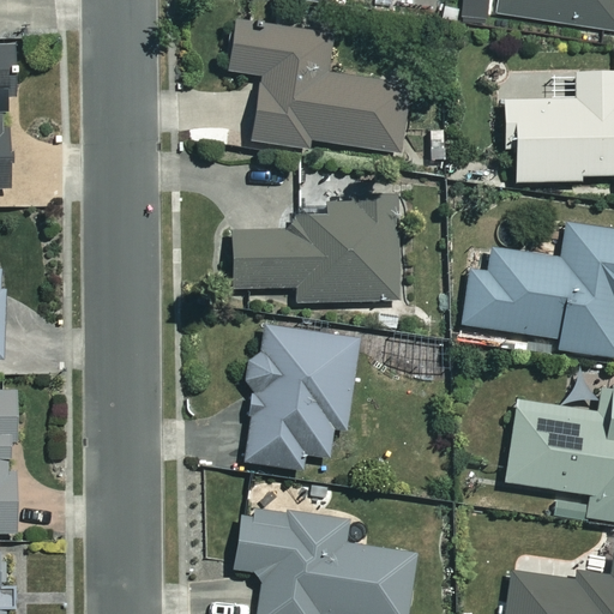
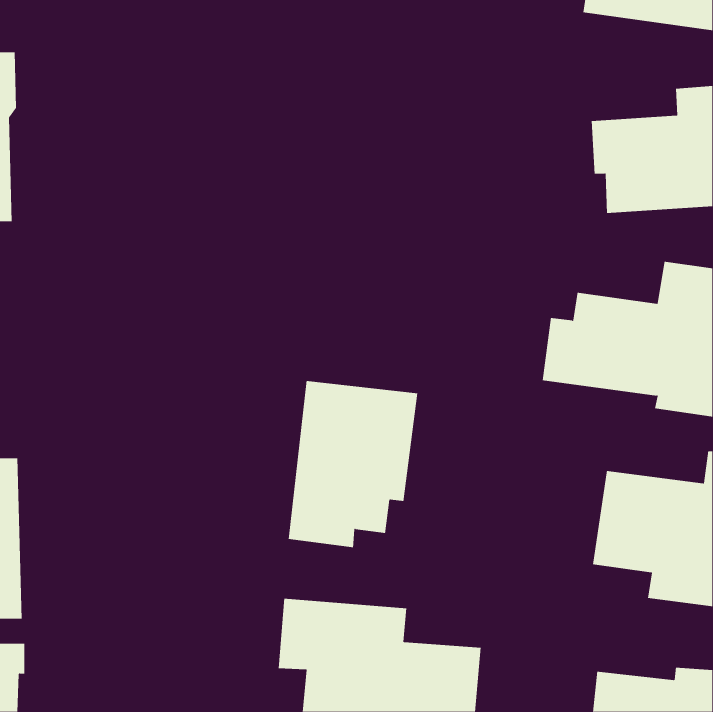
building: [230,22,408,152] -> none
building: [234,198,398,303] -> none

